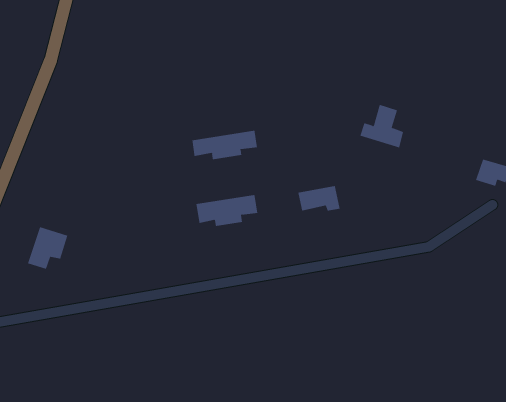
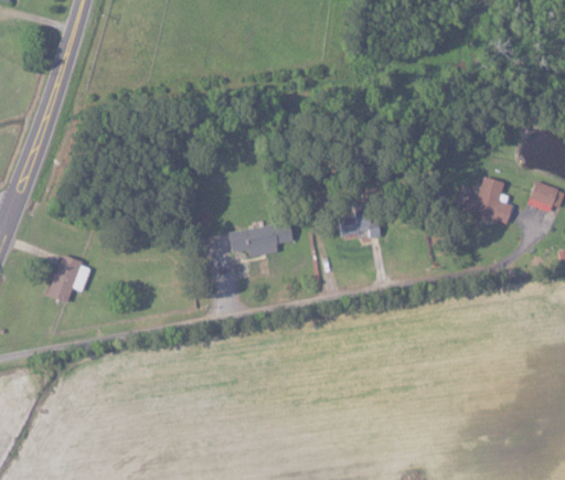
building: [360,104,404,148] -> [462,178,510,225]
building: [192,130,258,160] -> none

